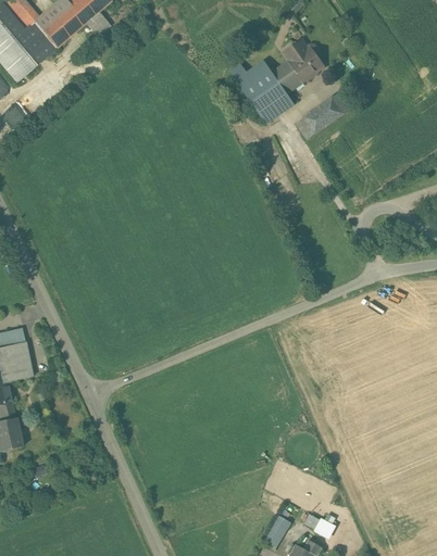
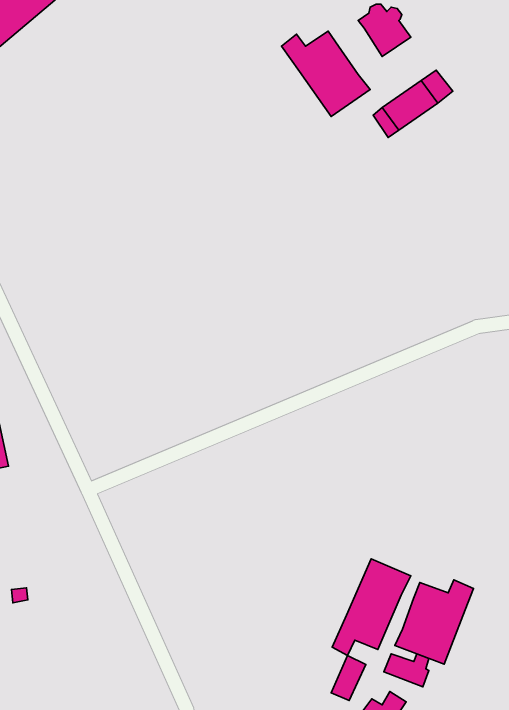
building: [272,60,303,93] -> none
building: none -> [332,559,411,655]
building: none -> [395,580,473,664]

